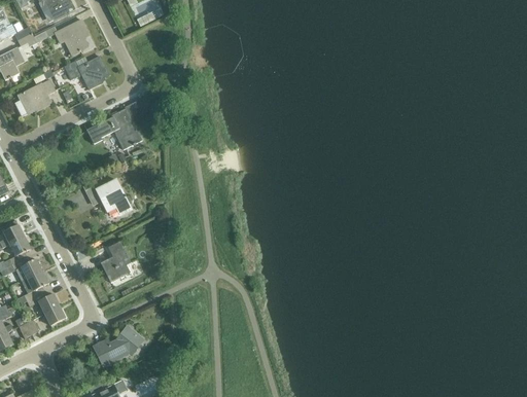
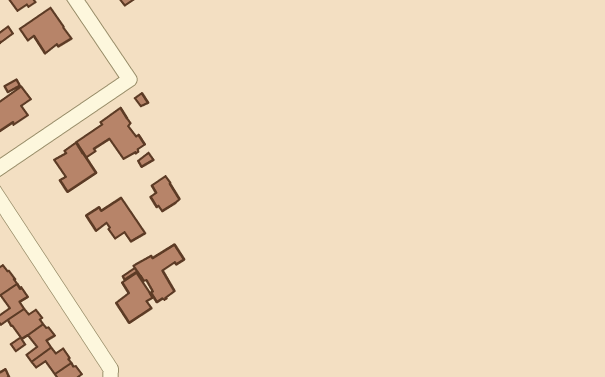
building: [63,57,108,88] -> none
building: none -> [54,143,96,192]
building: none -> [151,176,180,211]
building: none -> [134,245,184,302]

